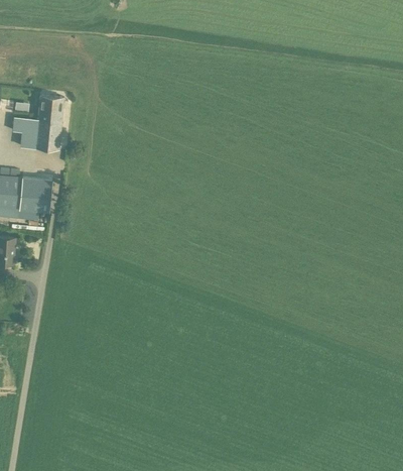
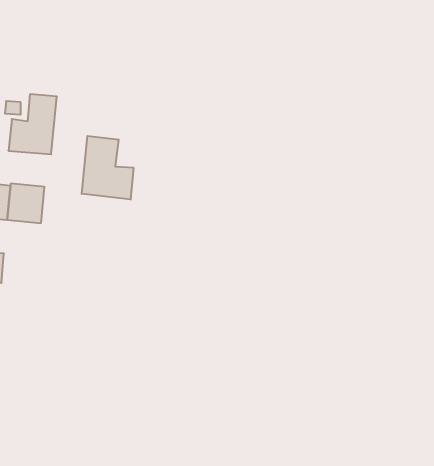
building: none -> [82,136,133,200]

